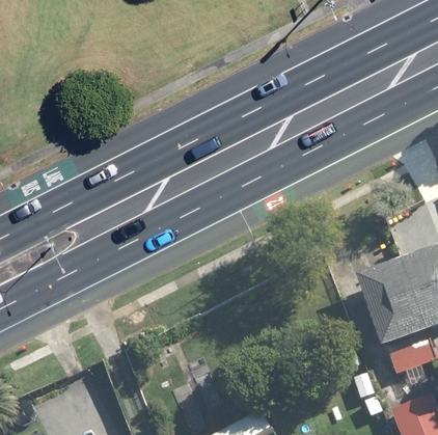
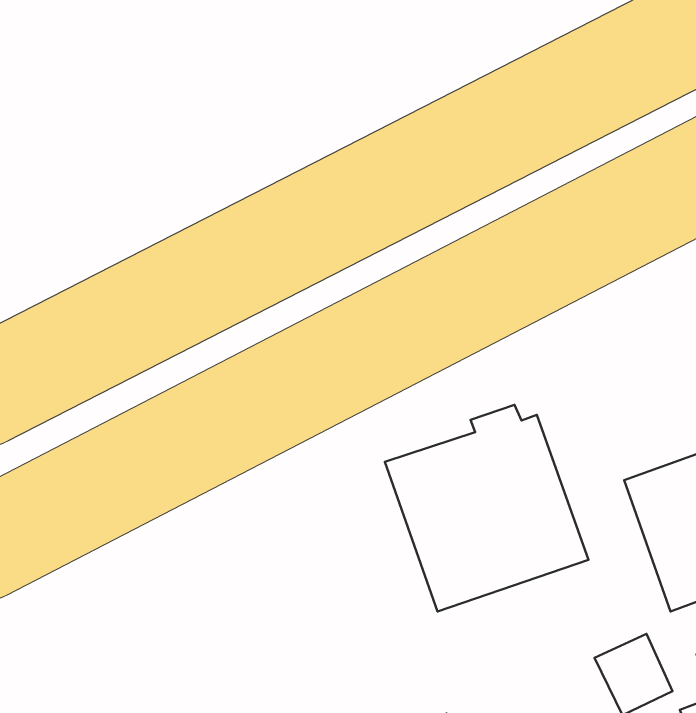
building: none -> [385,405,589,611]

